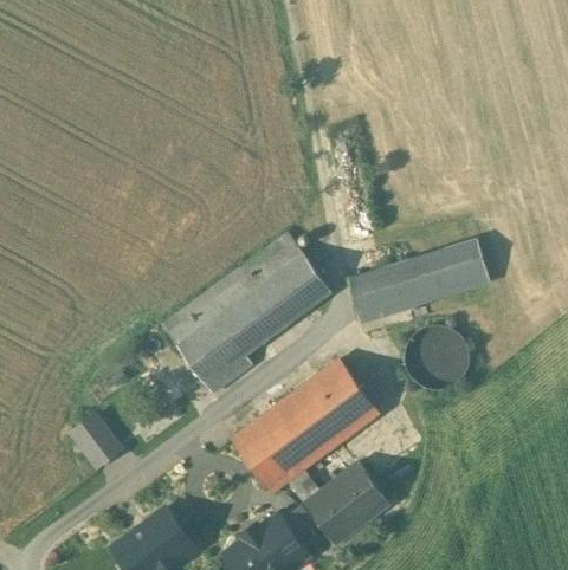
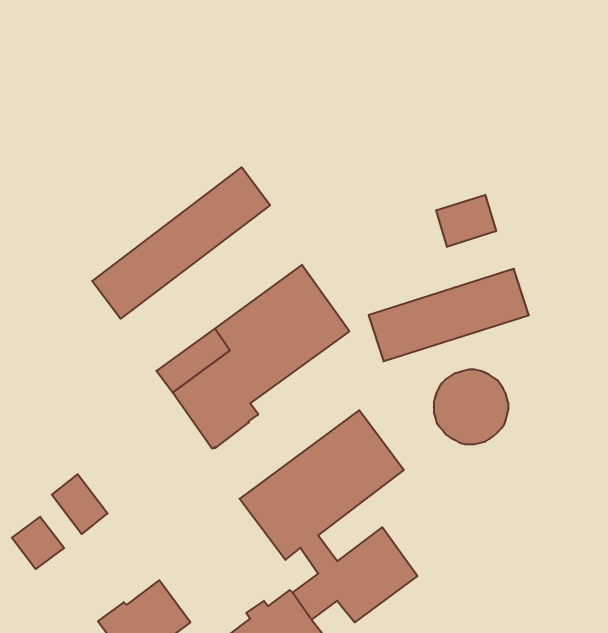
building: none -> [92,167,270,319]
building: none -> [436,195,496,247]
building: none -> [12,517,64,569]

